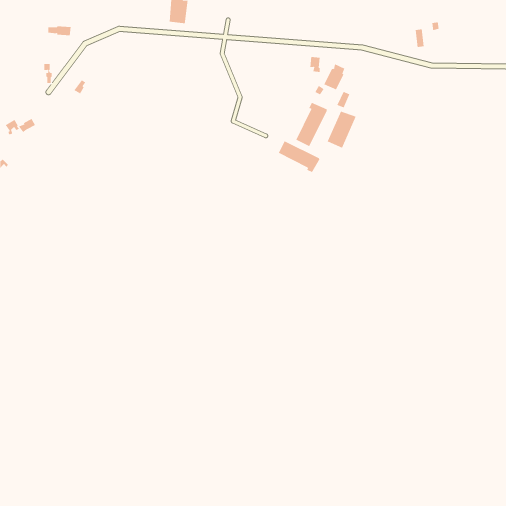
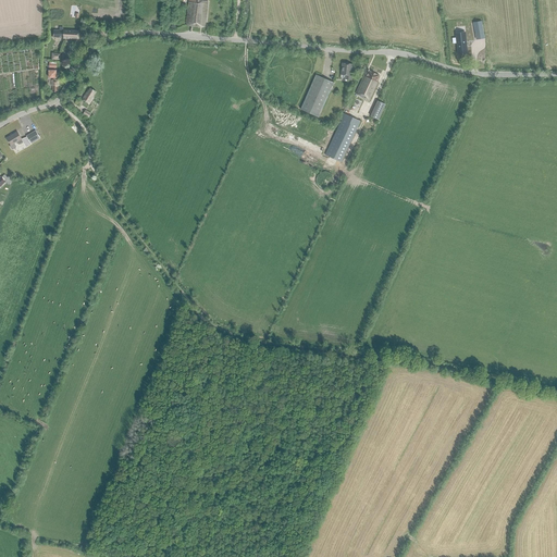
building: [327,111,357,148] -> [300,75,333,116]
building: [278,140,320,173] -> none

